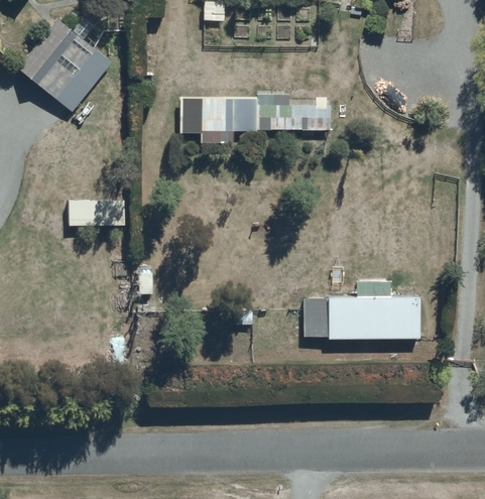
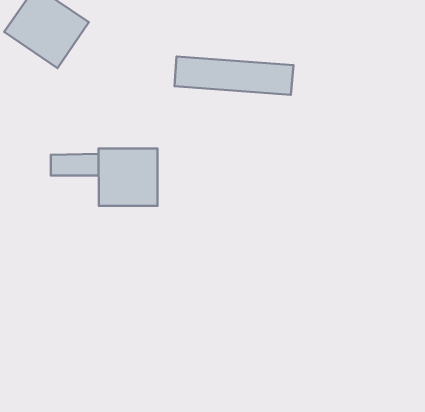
building: none -> [98,149,158,206]
building: [306,294,417,337] -> none

